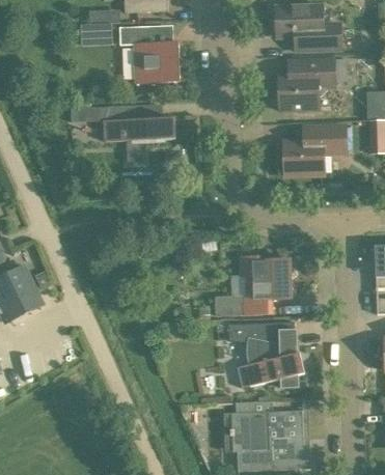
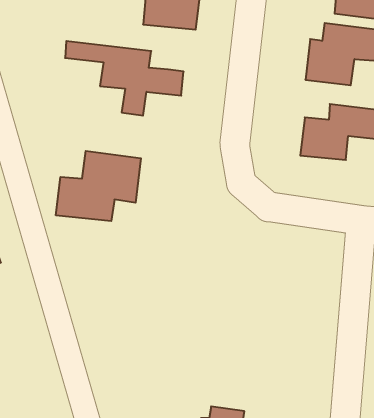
building: none -> [56,151,141,221]
building: [214,255,291,314] -> none
building: [227,320,303,387] -> none

